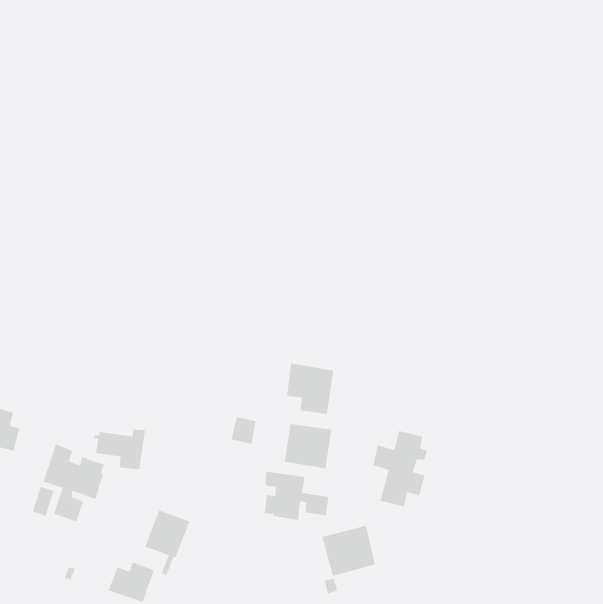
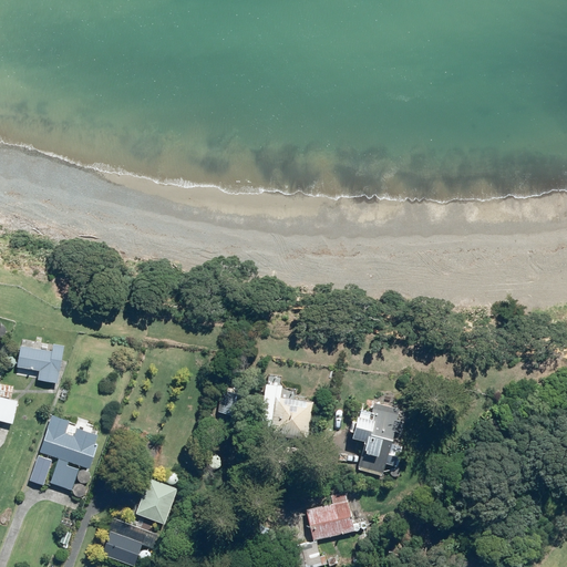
building: [286,363,334,415] -> none
building: [94,429,146,470] -> [16,343,64,382]
building: [264,471,329,521] -> none

